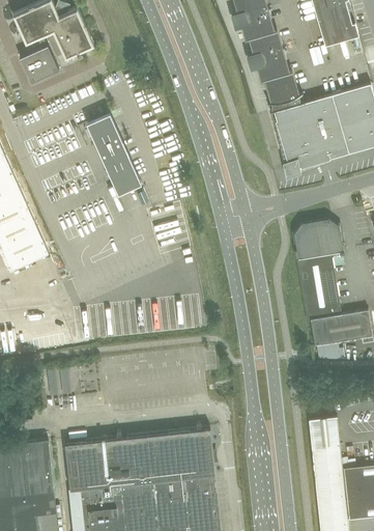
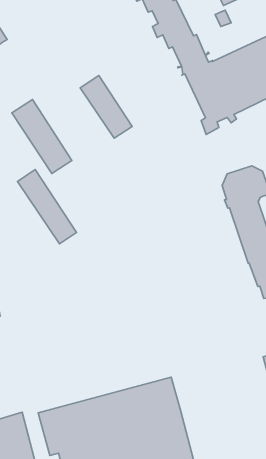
building: none -> [80,75,132,138]
building: none -> [18,170,77,244]

